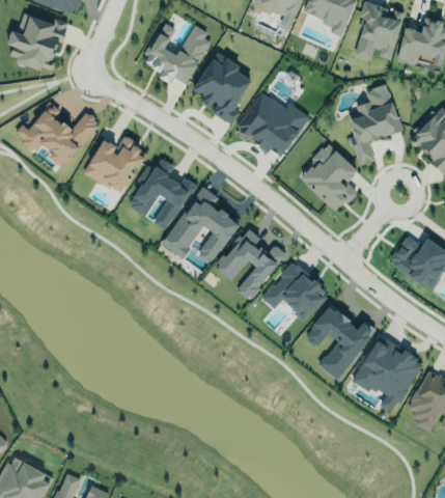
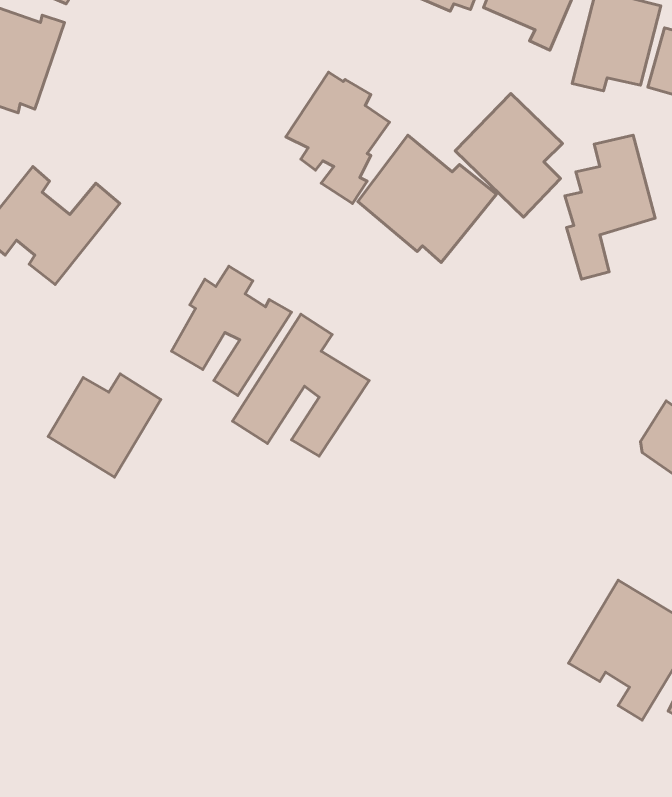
building: [142,23,213,85] -> none
building: [84,137,147,195] -> [48,374,161,477]
building: [298,144,358,214] -> [455,94,562,217]
building: [217,224,291,301] -> none
building: [261,262,329,322] -> none
building: [305,305,377,381] -> none

